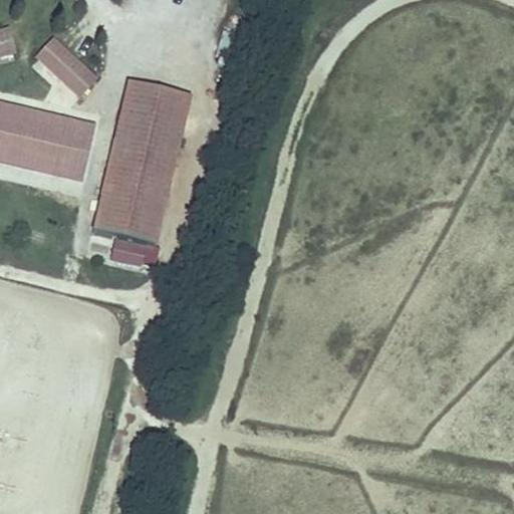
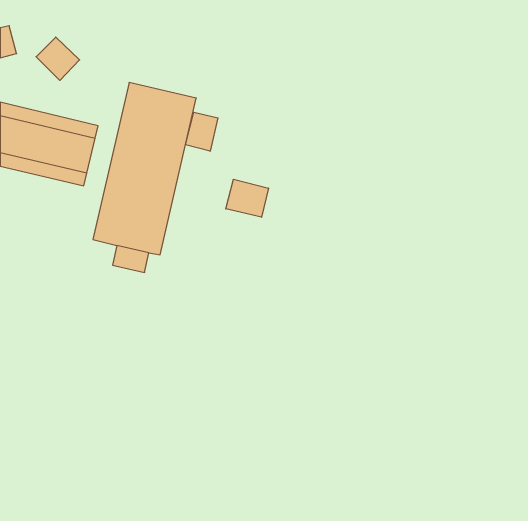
building: [58,58,97,97] -> none
building: none -> [186,112,218,151]
building: none -> [226,179,268,217]

